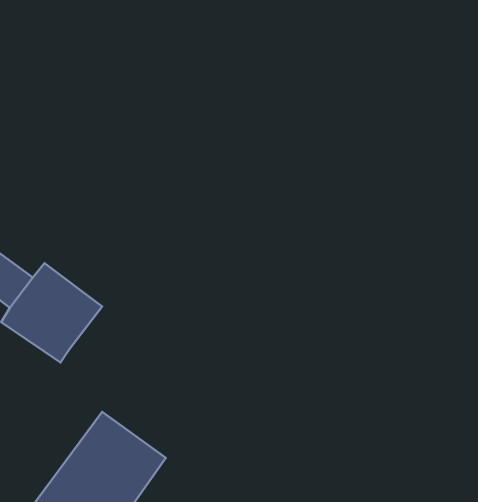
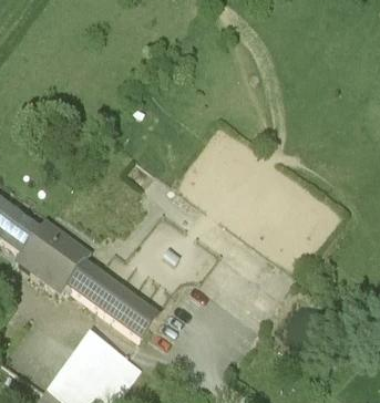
building: none -> [64,259,154,338]

